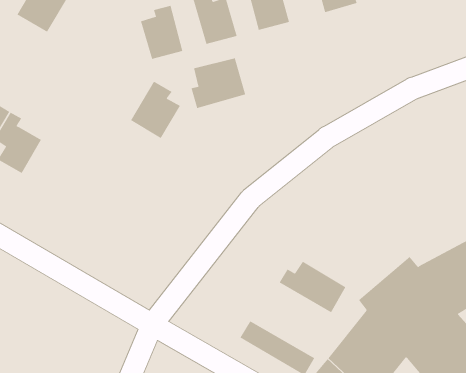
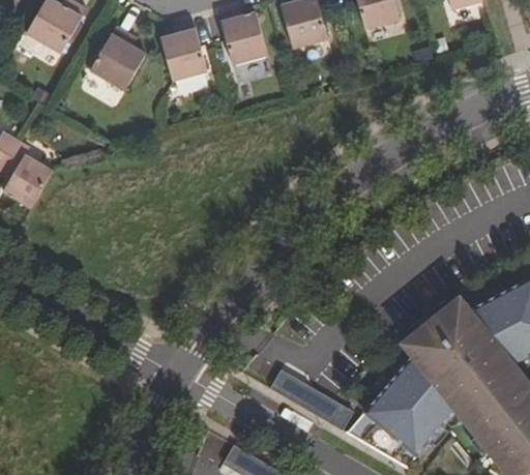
building: [191,57,246,109] -> none
building: [130,81,181,139] -> [89,25,145,89]
building: [279,261,346,313] -> none

